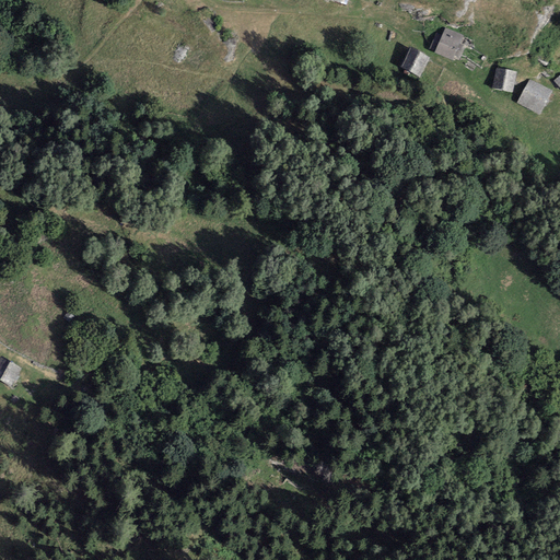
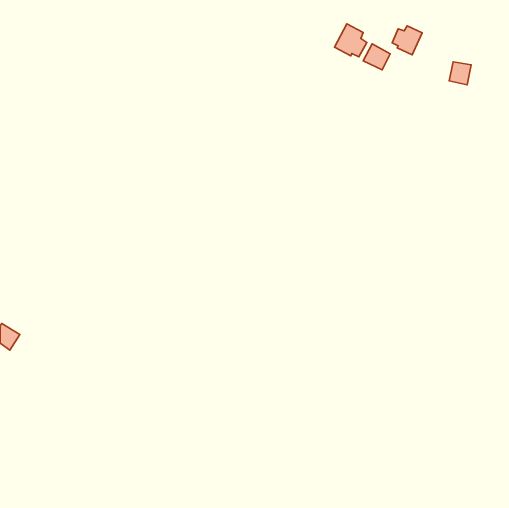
building: none -> [334,24,367,57]
building: [517,79,553,115] -> none

